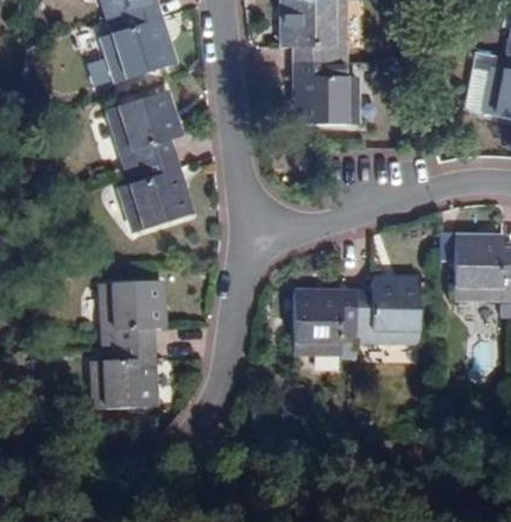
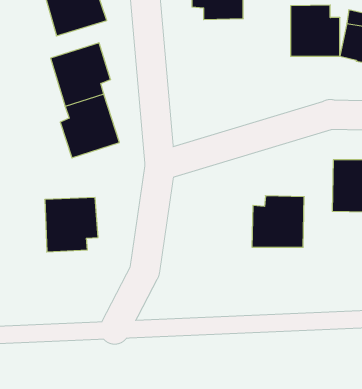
building: [296,61,357,124] -> [291,5,340,56]
building: [294,289,357,353] -> none
building: [92,345,156,409] -> none

